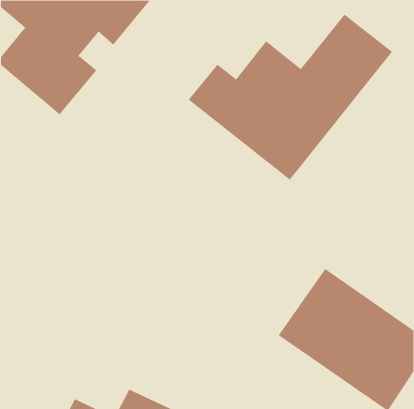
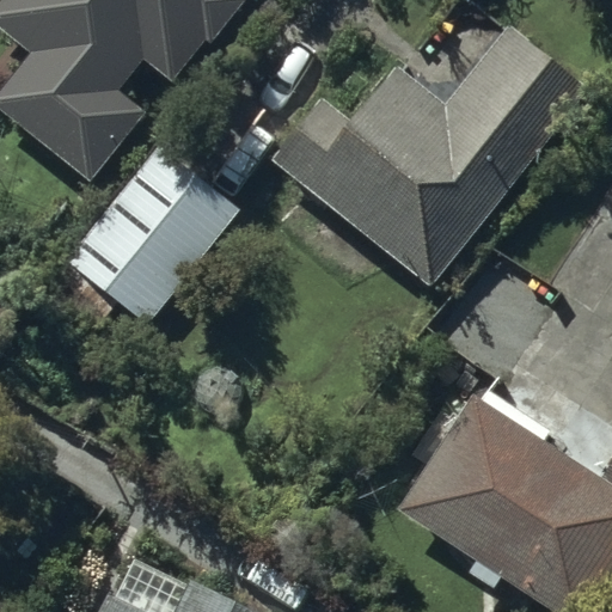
building: none -> [65,145,238,325]

